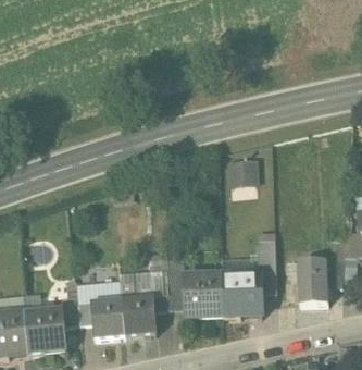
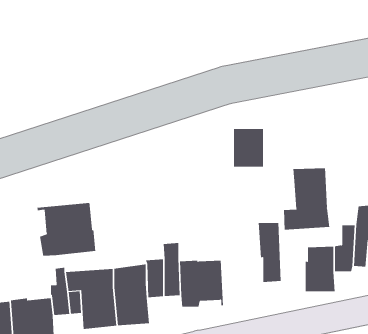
building: none -> [284,167,330,231]
building: none -> [37,202,96,257]
building: [221,272,260,317] -> none

